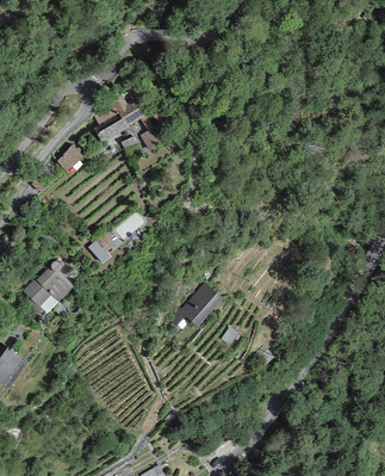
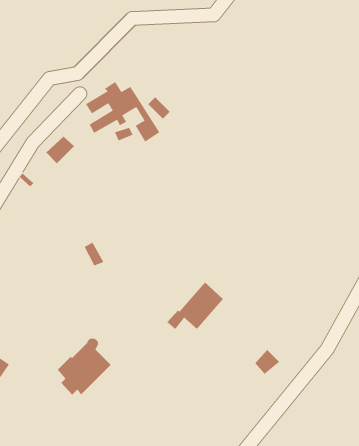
building: [23,260,74,314] -> [57,338,112,395]

